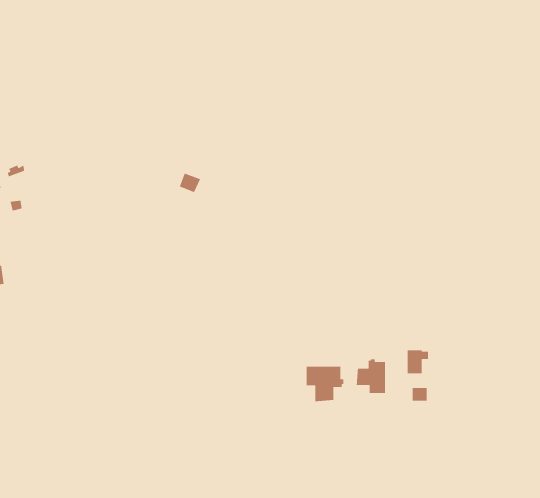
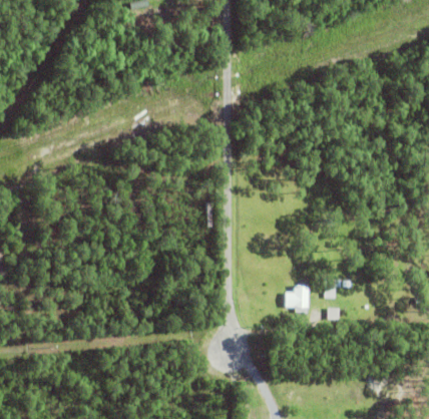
building: [306,366,344,402] -> none

